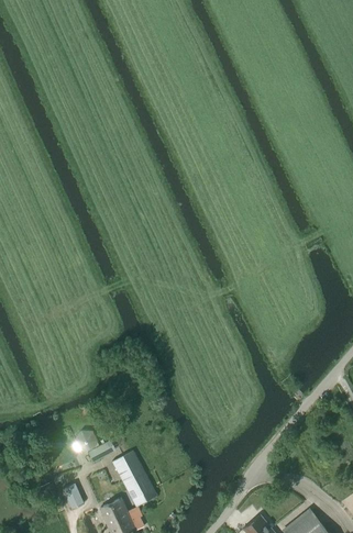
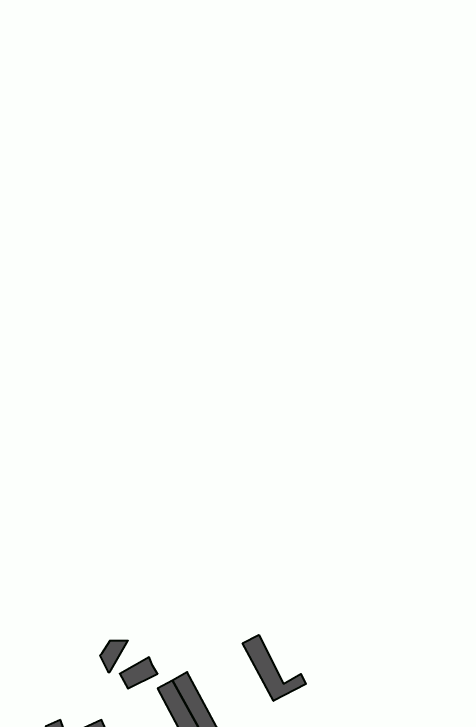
building: none -> [243,635,306,701]

